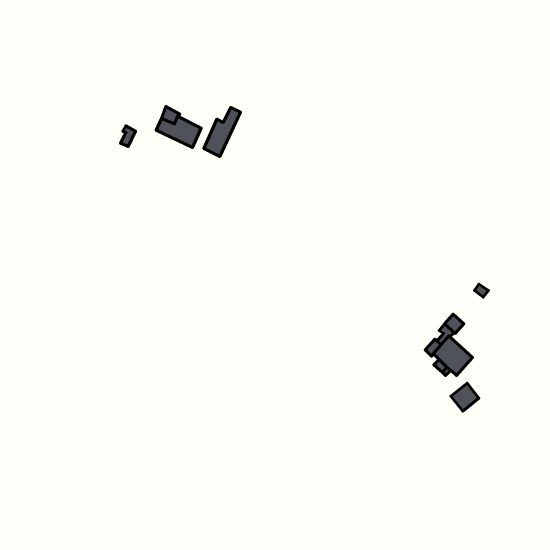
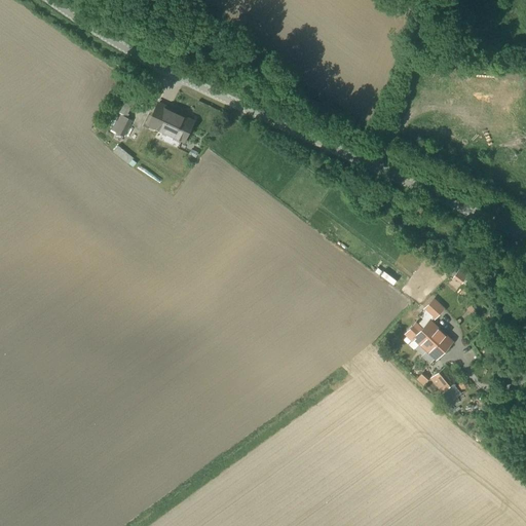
building: [204,107,241,157] -> none

